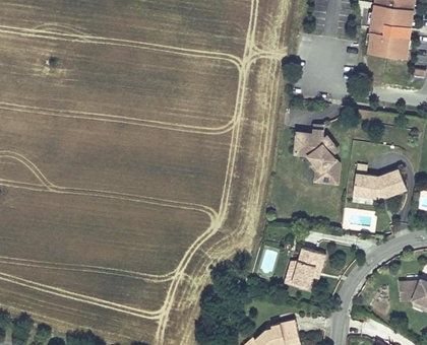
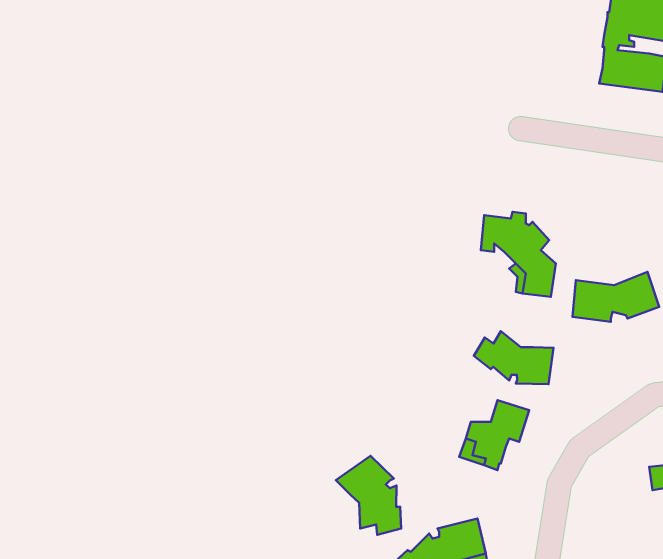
building: none -> [474,331,553,384]
building: none -> [336,456,401,535]

